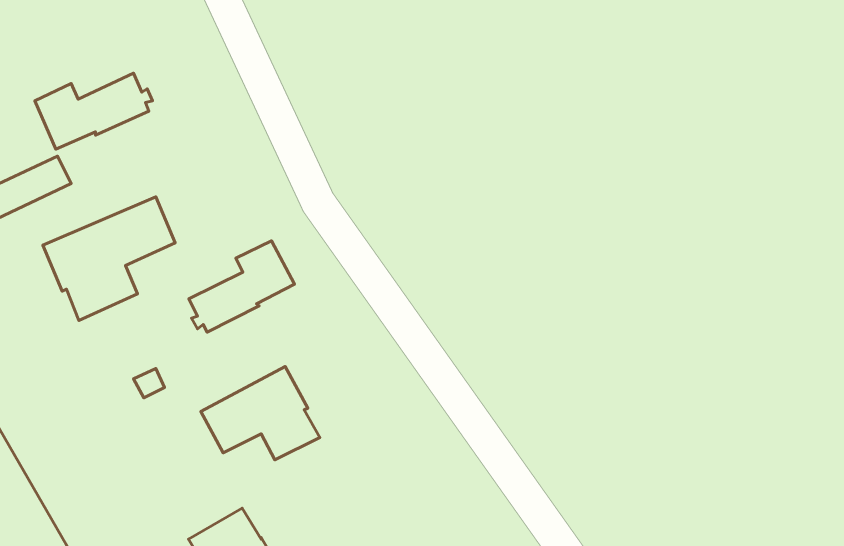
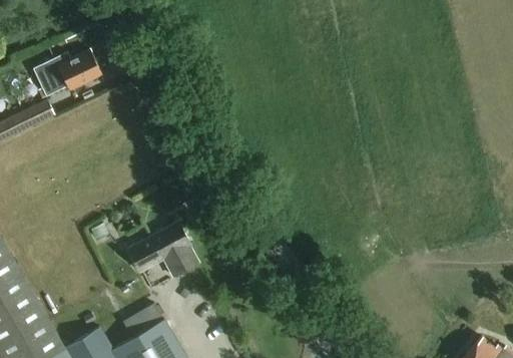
building: [43,197,175,321] -> none
building: [189,241,294,332] -> none

